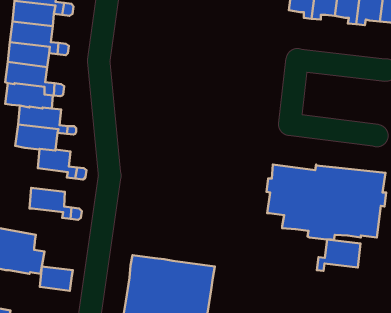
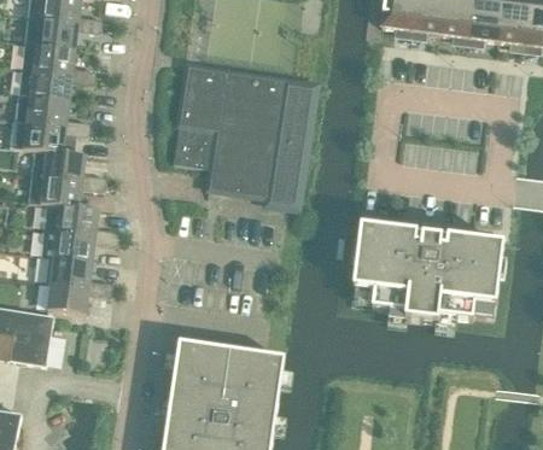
building: none -> [174,65,316,208]
building: none -> [40,227,95,259]
building: [317,239,360,271] -> none
building: [40,266,73,291] -> [47,281,89,312]

